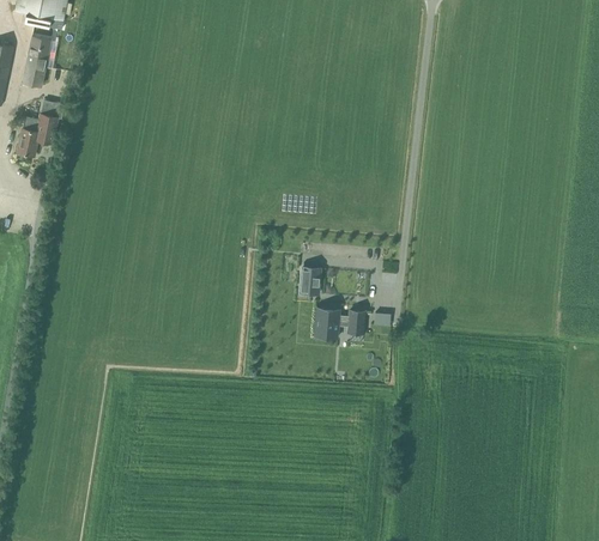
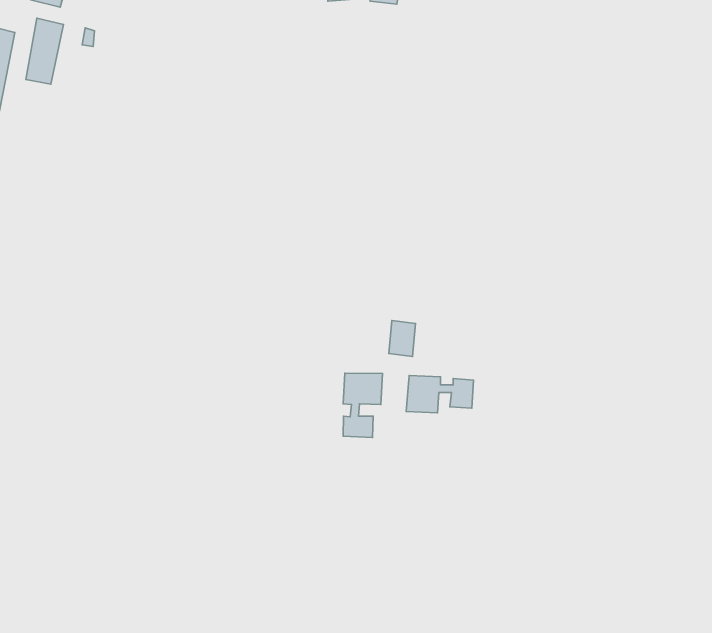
building: [17,115,56,158] -> none
building: none -> [343,373,383,438]

